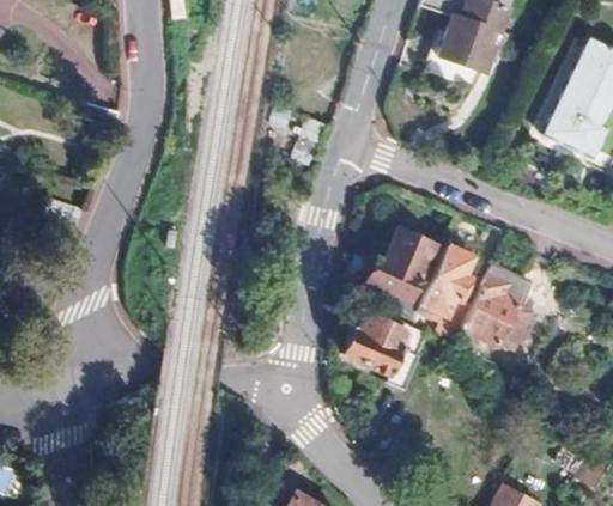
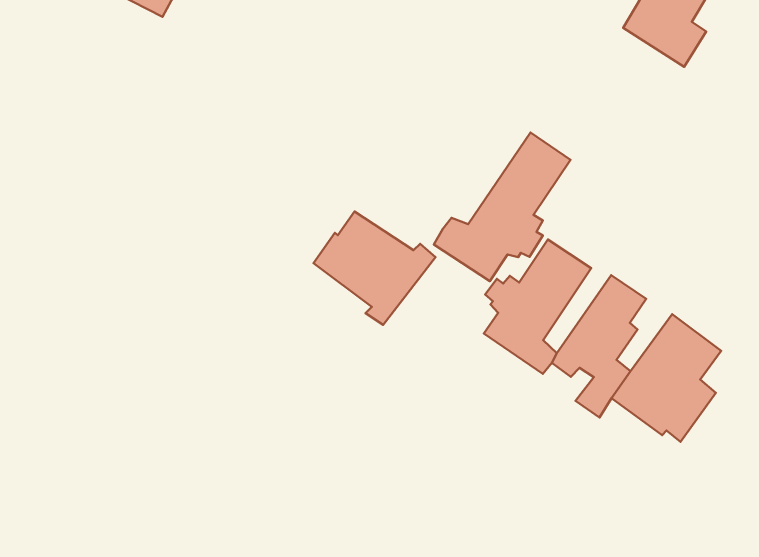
building: none -> [434,132,571,281]
building: [345,312,426,385] -> [314,211,436,325]

